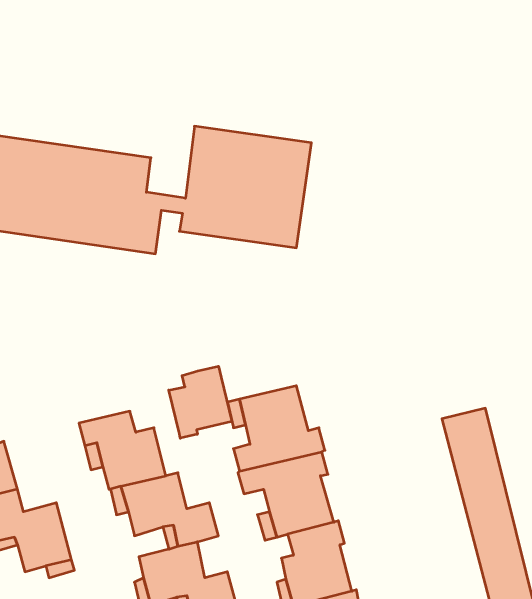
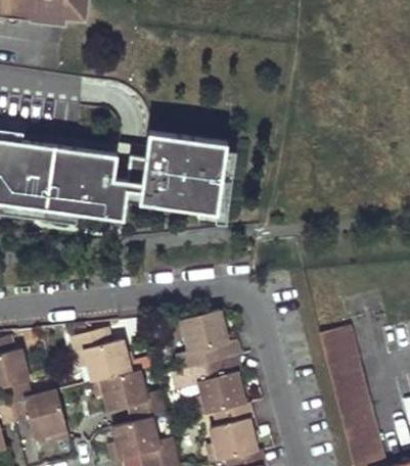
building: [169,366,232,438] -> none

